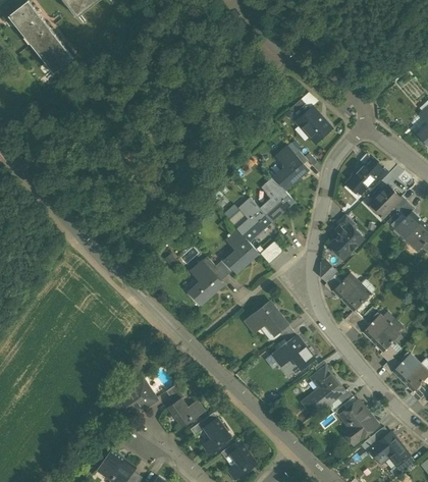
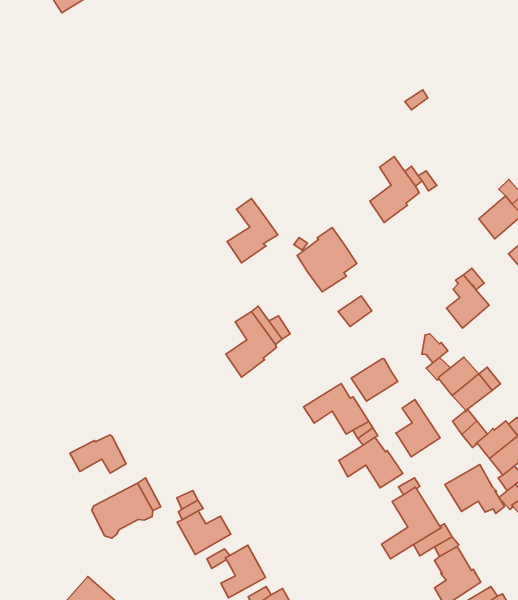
building: [295,106,331,144] -> none
building: [259,177,292,221] -> none
building: [223,229,257,273] -> [227,199,278,263]
building: none -> [351,358,398,401]
building: none -> [396,399,440,457]
building: none -> [445,464,505,513]
building: none -> [70,435,126,473]

